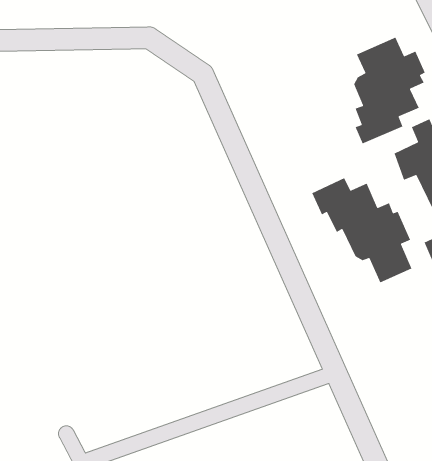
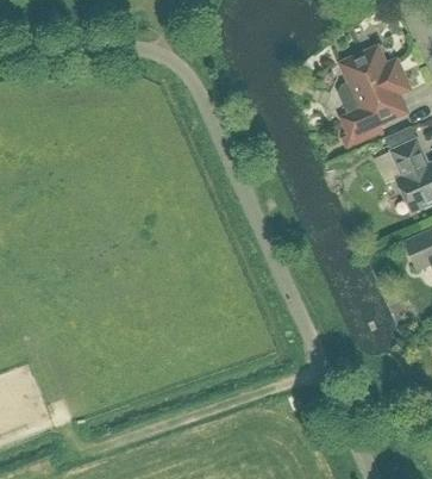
building: [311,177,413,283] -> none

